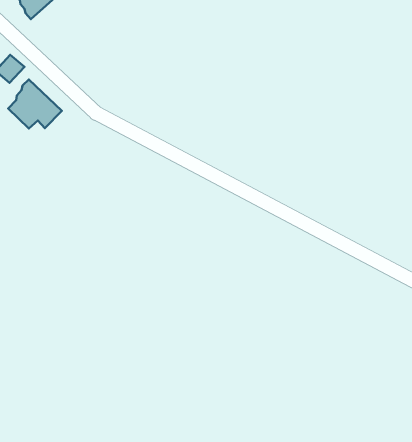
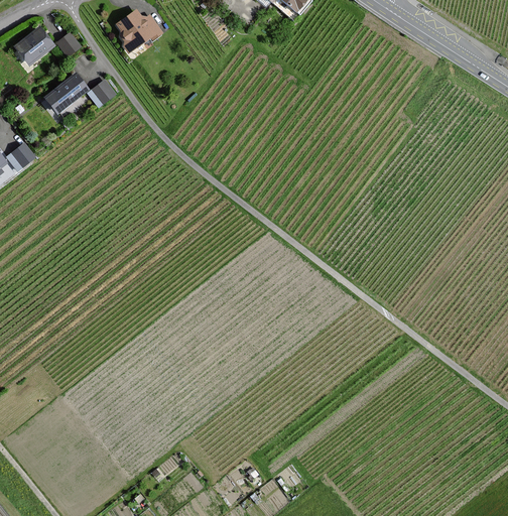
building: [8,79,62,129] -> none

